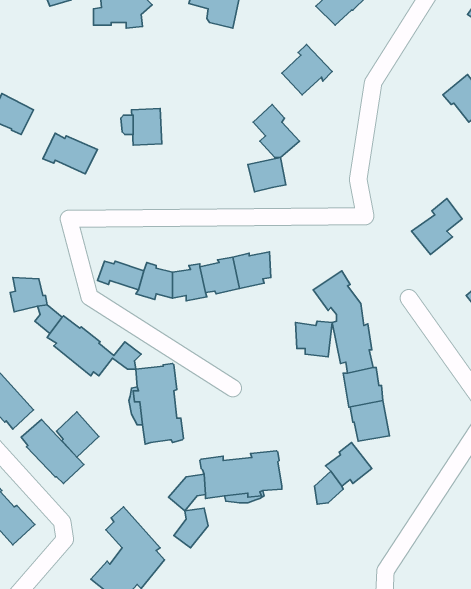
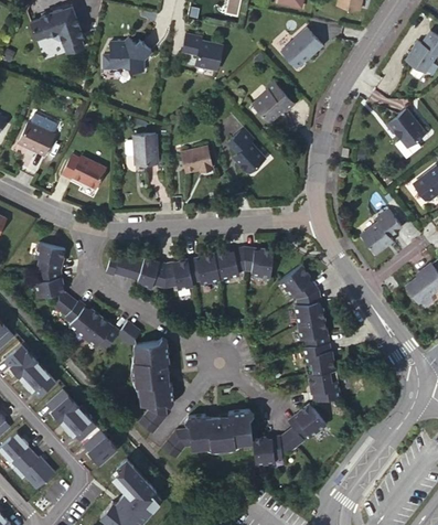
building: [248,158,286,192] -> [182,147,213,174]
building: none -> [35,244,65,272]
building: [295,321,332,357] -> [245,249,275,278]
building: [56,412,99,457] -> [82,426,116,462]
building: none -> [255,439,285,468]
building: [174,508,208,548] -> [140,403,168,435]

